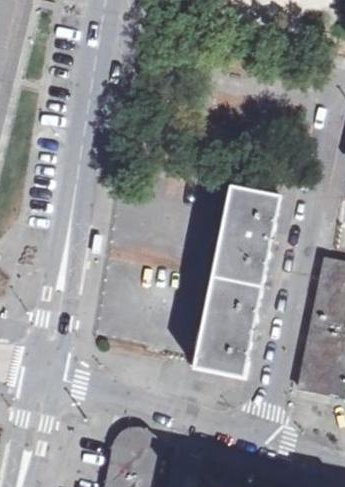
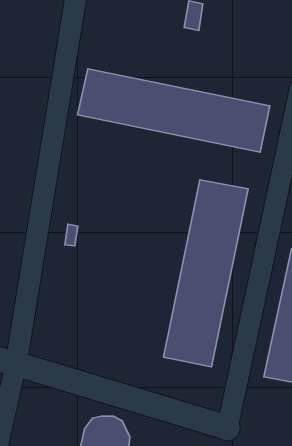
building: none -> [77,69,270,152]

